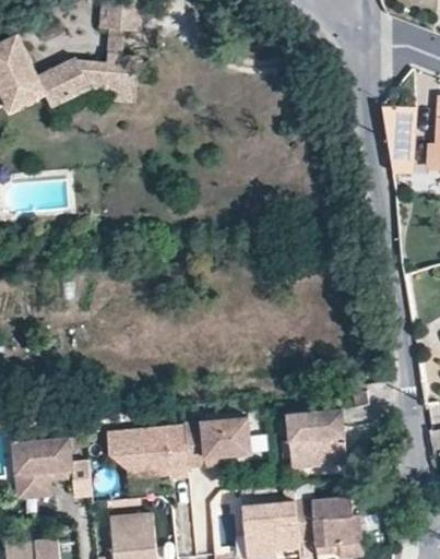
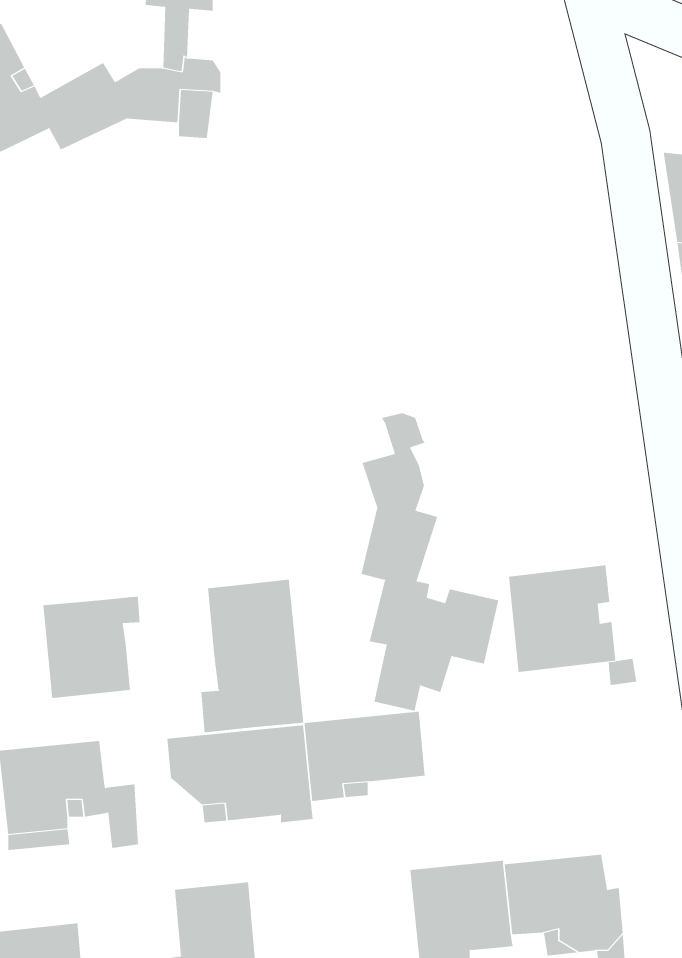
building: none -> [361,413,499,712]
building: none -> [201,579,304,733]
building: none -> [43,596,140,699]
building: [285,407,345,467] -> [508,565,616,673]

